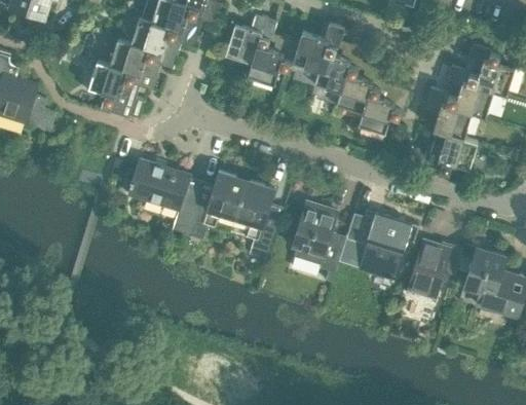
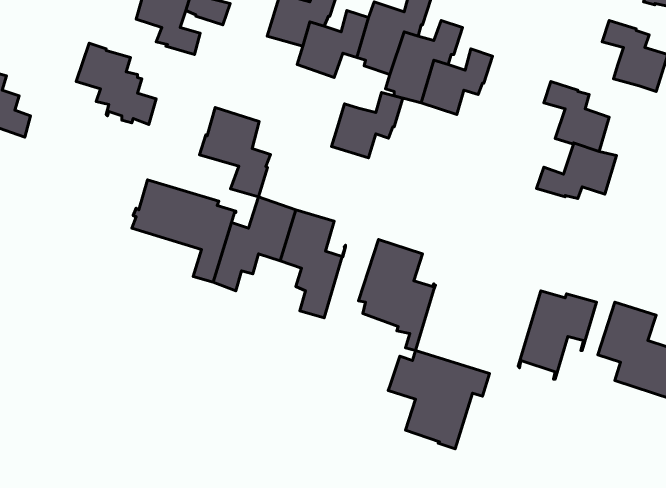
building: [109,38,156,90] -> none
building: [446,65,493,117] -> none
building: [358,85,409,133] -> [332,93,403,158]
building: none -> [200,107,271,197]
building: [345,209,418,280] -> [388,351,490,449]

